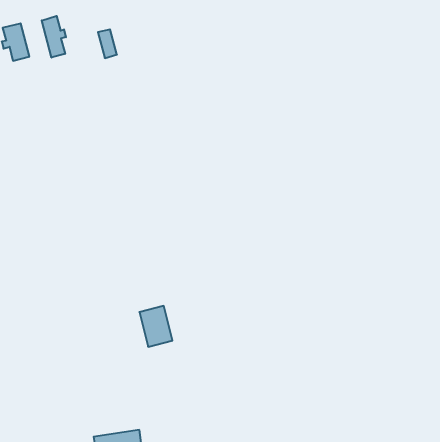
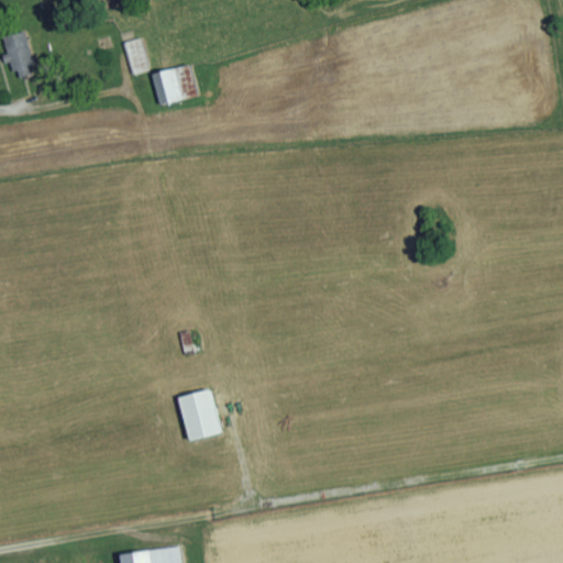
building: [42,16,66,58] -> none
building: none -> [151,64,197,104]

